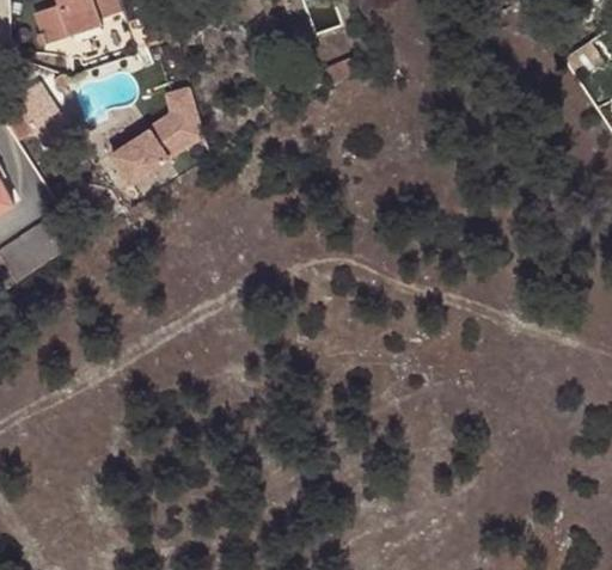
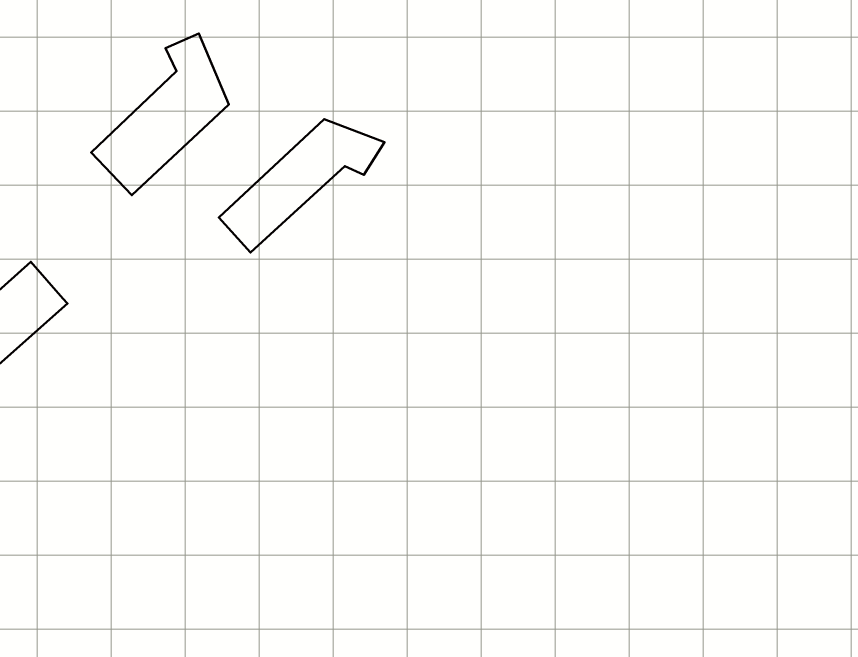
building: none -> [219,119,385,253]

